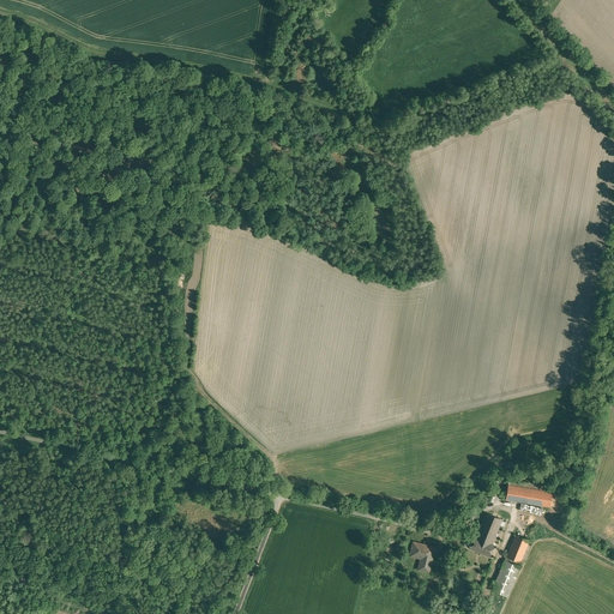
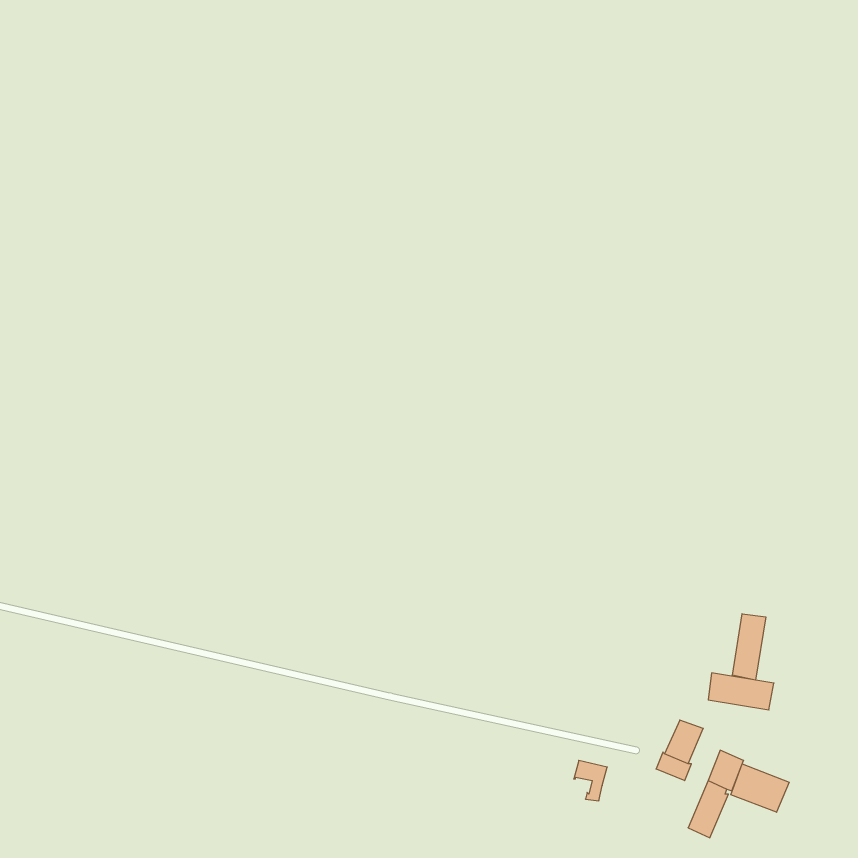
building: none -> [732,614,766,680]
building: none -> [731,764,789,812]

